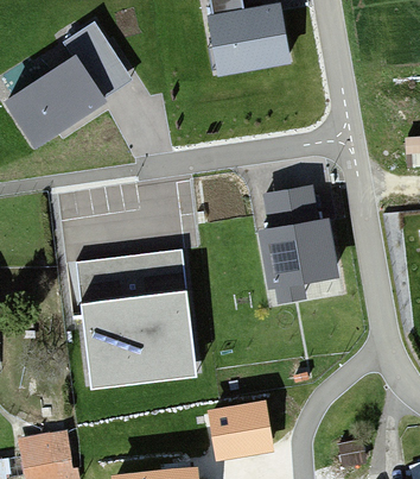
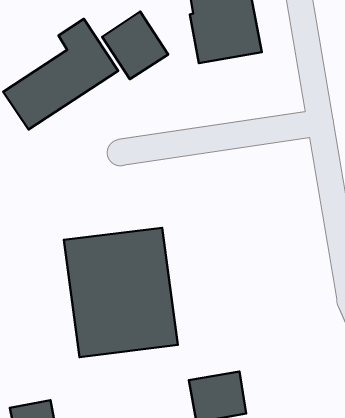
building: none -> [102,11,168,79]
building: [260,187,336,301] -> none

